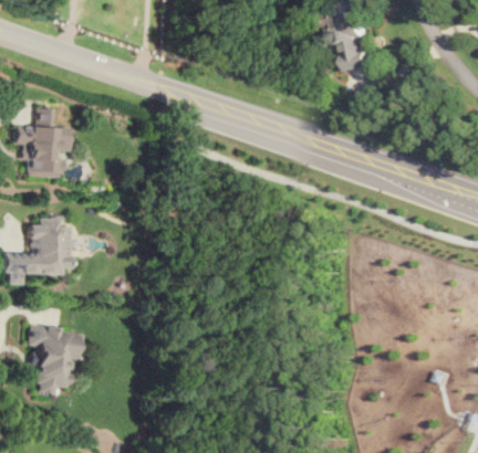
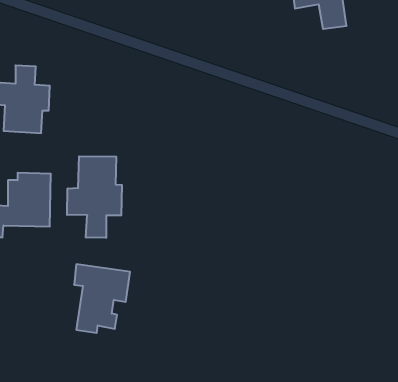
building: none -> [67,156,122,238]
building: [28,325,85,396] -> [74,264,130,333]

